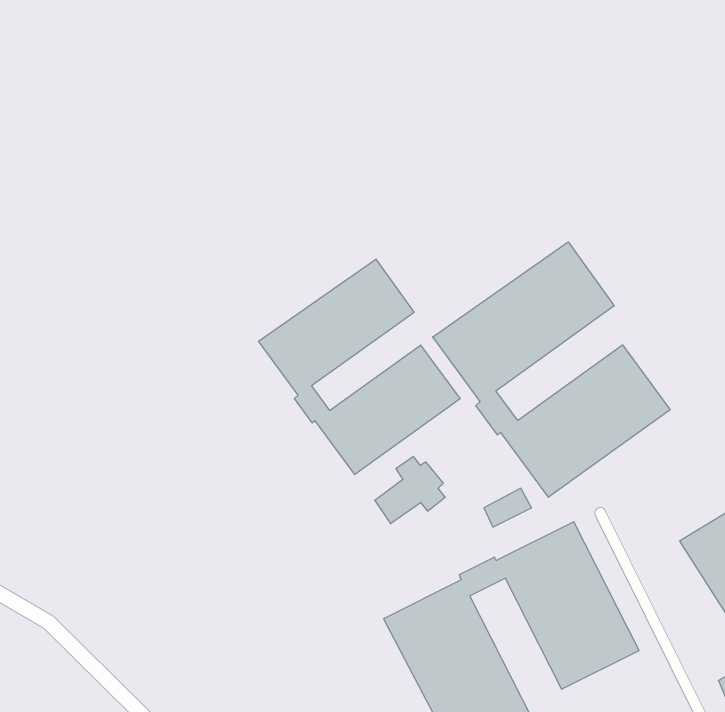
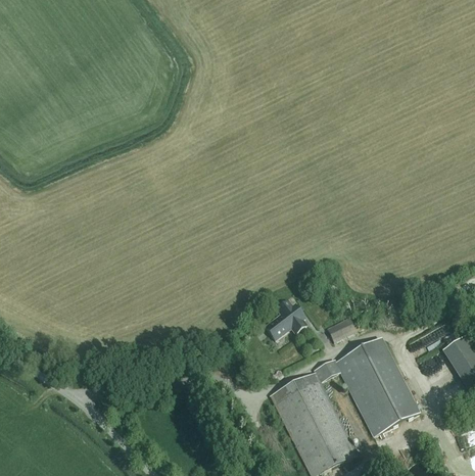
building: [433,242,670,497] -> none
building: [259,259,460,475] -> none

